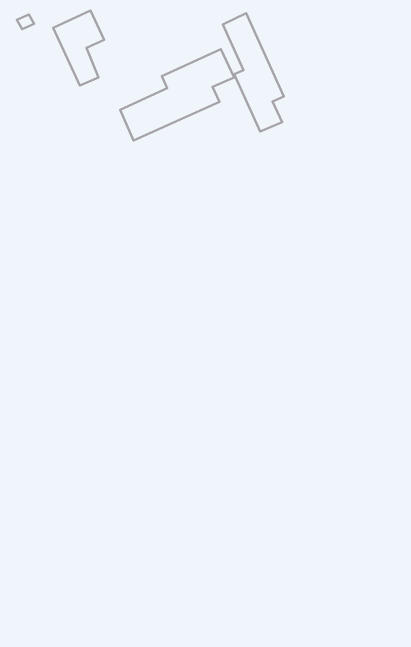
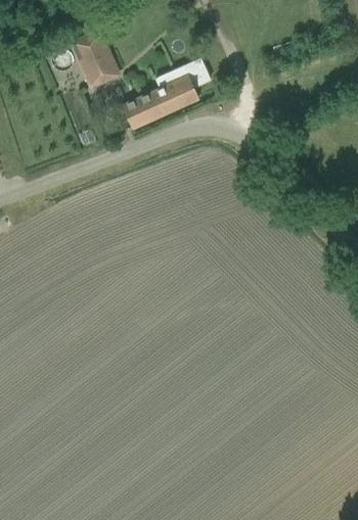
building: [223,13,284,132] -> none

